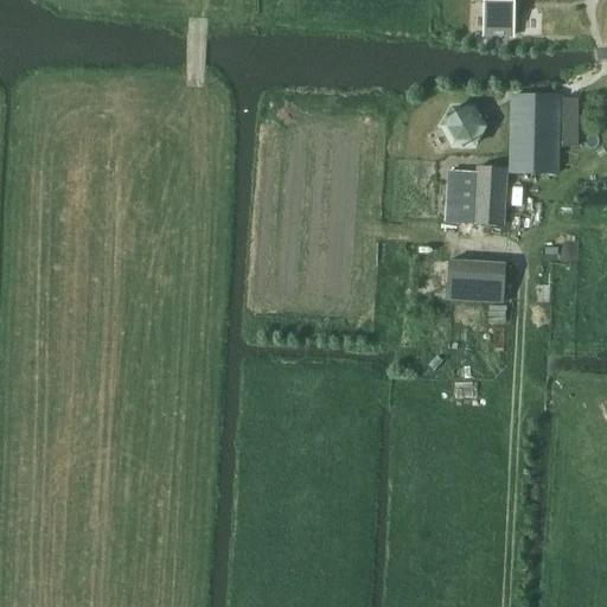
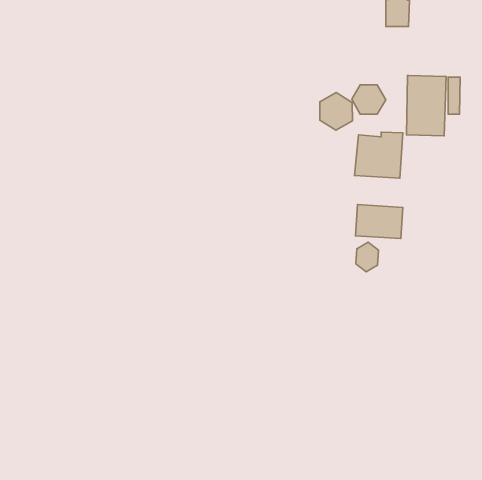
building: none -> [320,92,352,130]
building: none -> [356,242,379,272]

